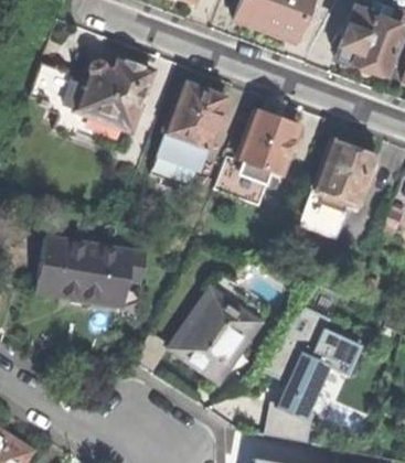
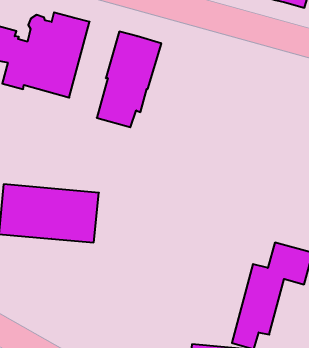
building: [216,109,300,203] -> none
building: [301,138,376,236] -> none
building: [173,290,259,379] -> none

